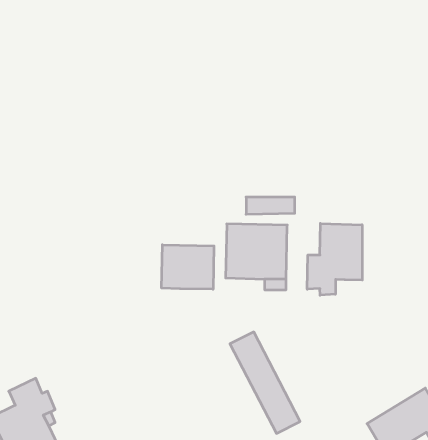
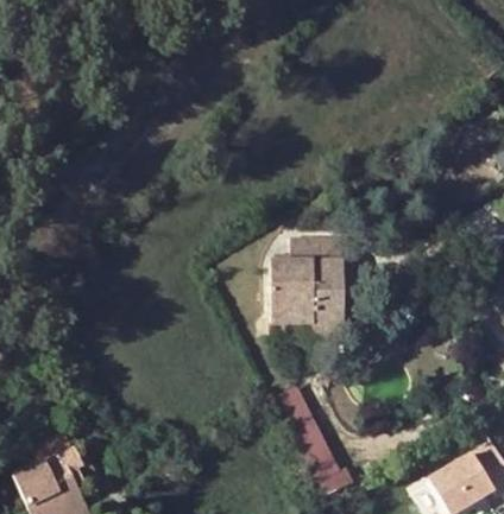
building: [307,223,362,295] -> none
building: [162,245,214,289] -> none

